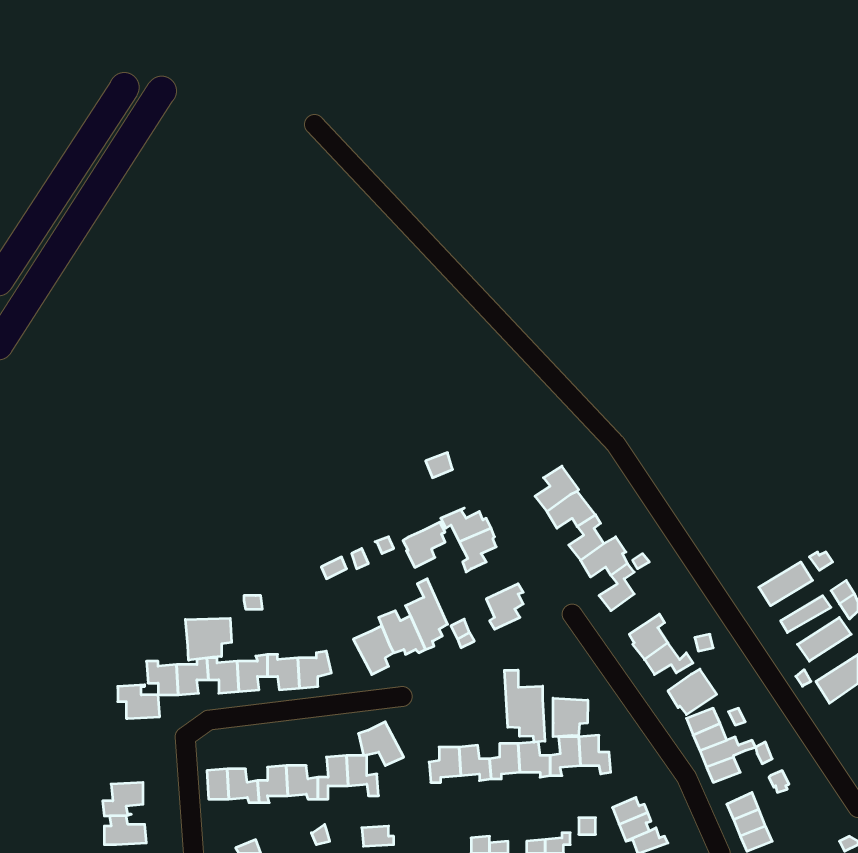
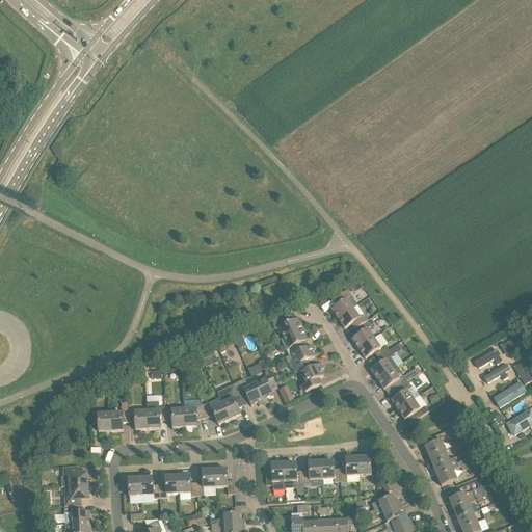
building: [403,522,445,567] -> [288,342,314,370]
building: [185,618,232,660] -> none
building: [668,669,717,715] -> [377,364,407,392]
building: [504,670,545,742] -> none
building: [118,685,160,718] -> [62,463,88,484]
building: [553,698,588,737] -> none
building: [358,722,404,766] -> [202,395,230,422]

